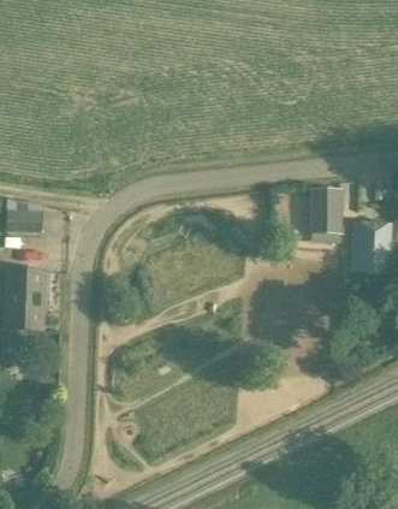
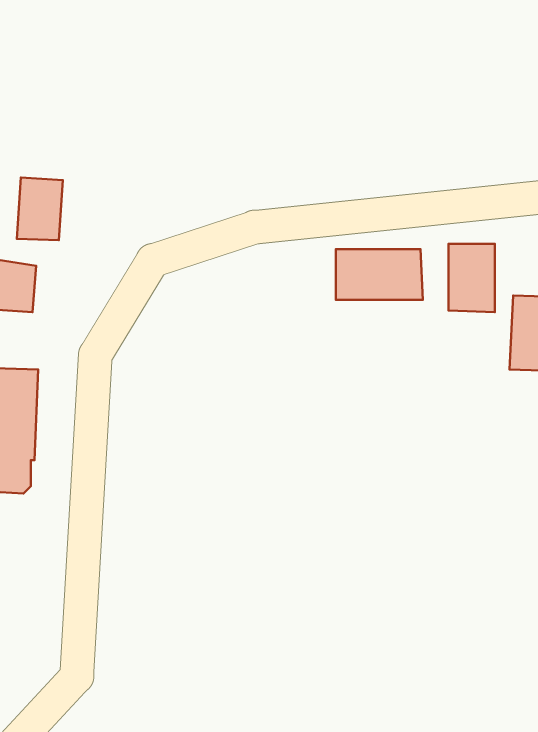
building: none -> [17,177,63,240]
building: none -> [336,249,423,300]

